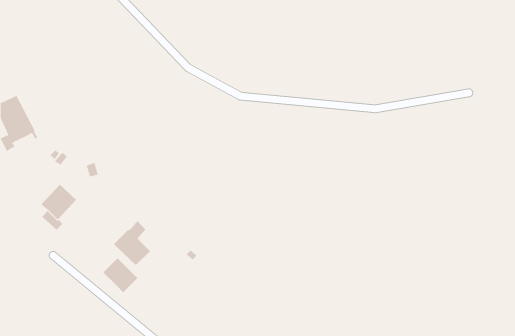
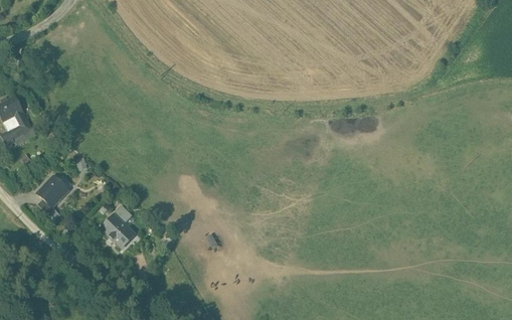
building: [103,258,138,293] -> none

